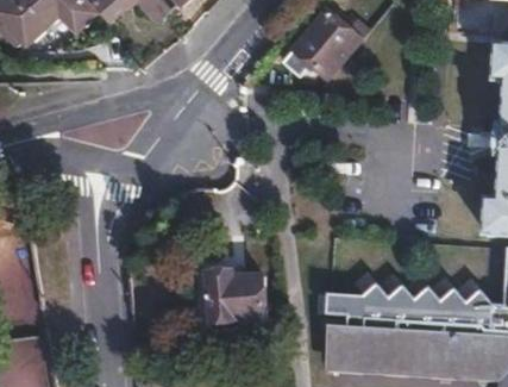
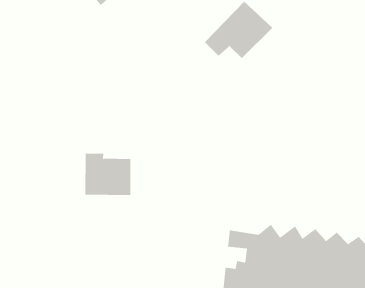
building: [209,271,266,322] -> [84,153,131,195]

